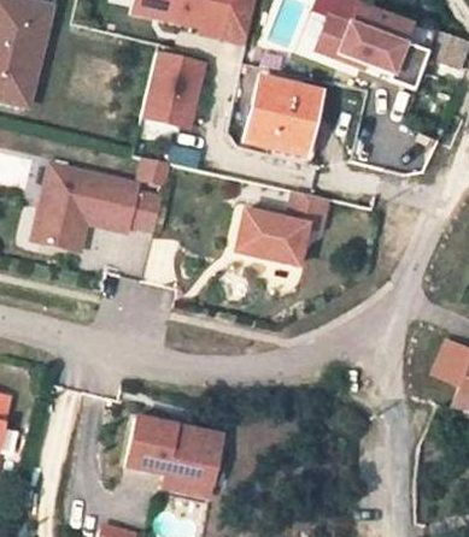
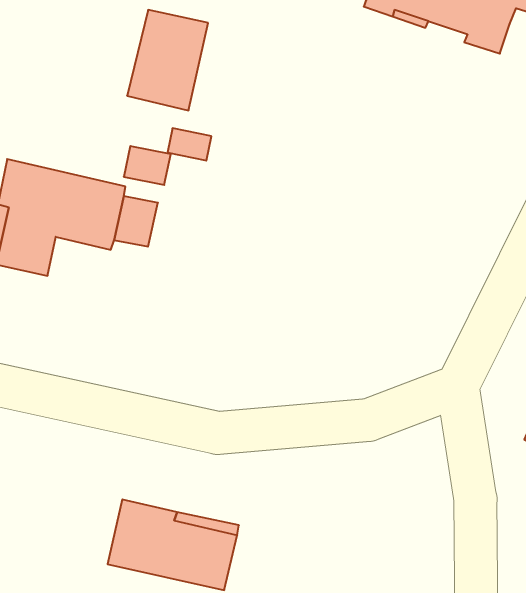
building: [246,78,324,153] -> none
building: [236,191,329,265] -> none

